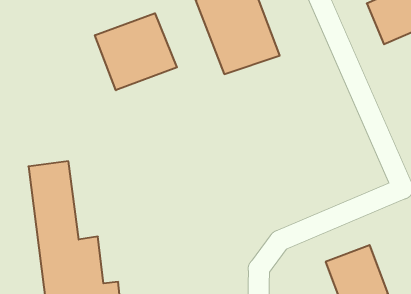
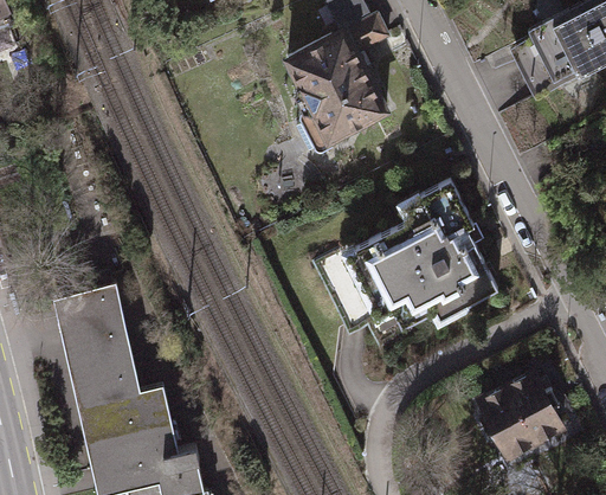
building: [95,13,177,90] -> none
building: none -> [344,167,498,328]

